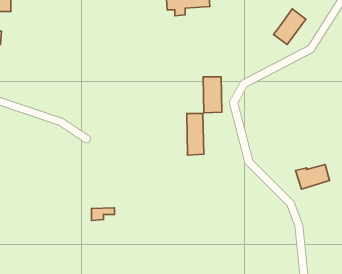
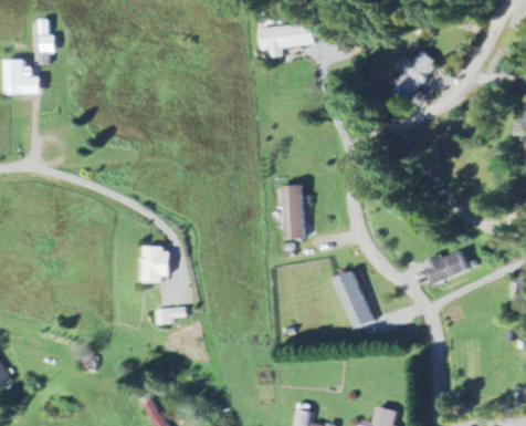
building: [203,77,222,113] -> none
building: none -> [144,246,173,279]
building: none -> [335,270,372,328]

